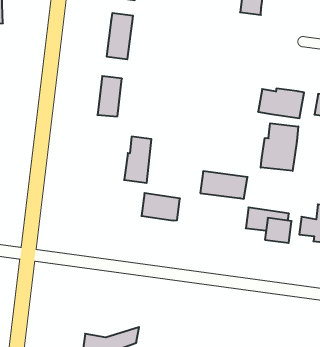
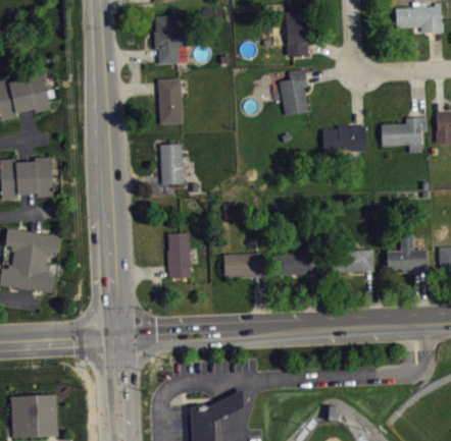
building: none -> [280,69,308,116]
building: [261,123,298,171] -> none
building: [124,137,151,183] -> [167,233,192,279]
building: [200,171,248,199] -> [273,252,319,276]

